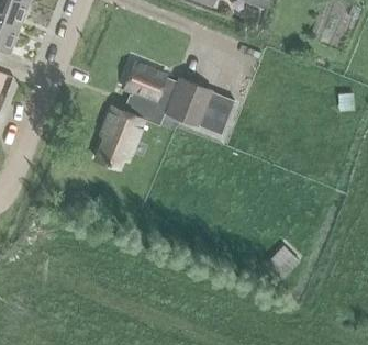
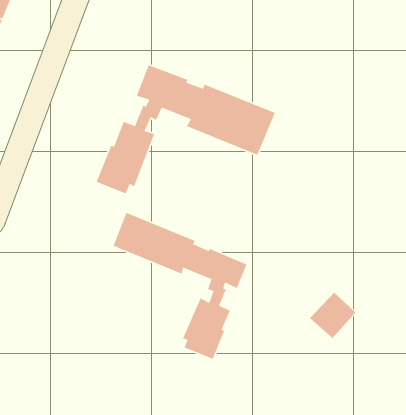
building: none -> [113,212,248,360]

